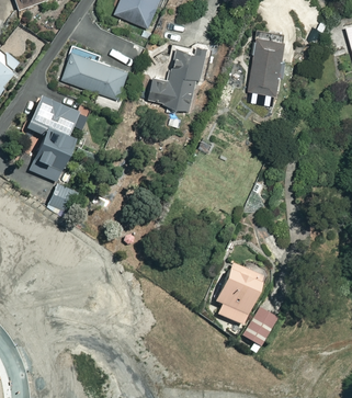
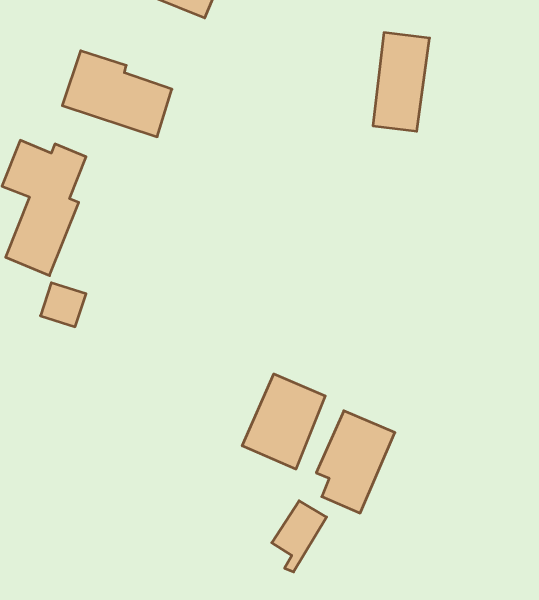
building: [148,43,205,109] -> none
building: none -> [242,374,325,469]
building: [242,309,275,352] -> [272,501,327,572]

